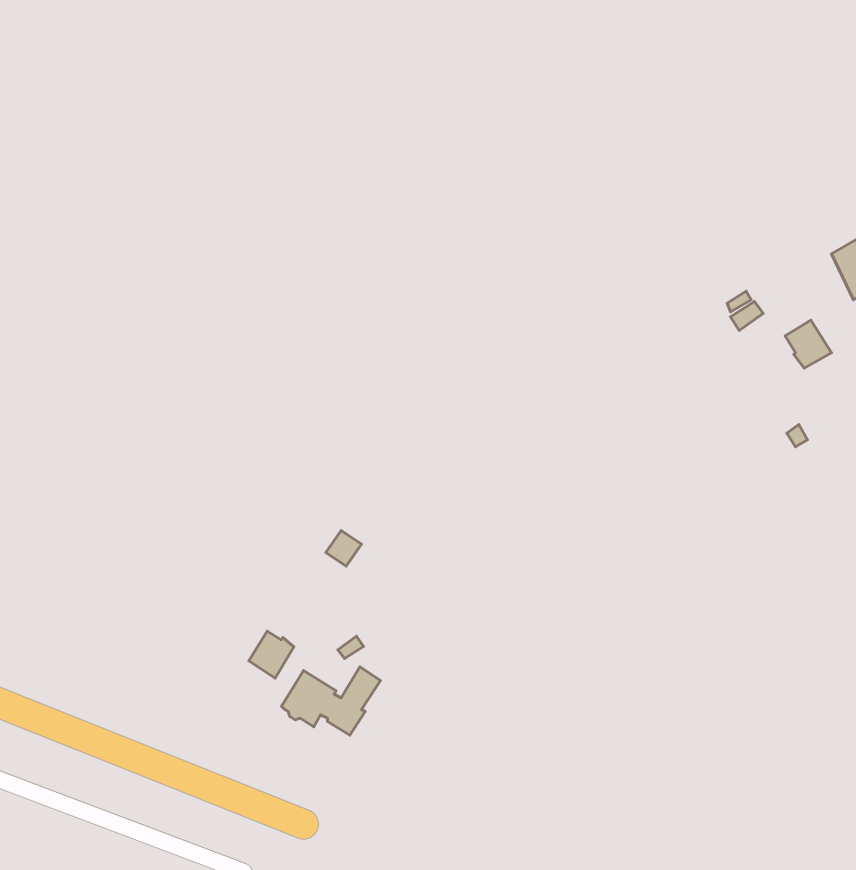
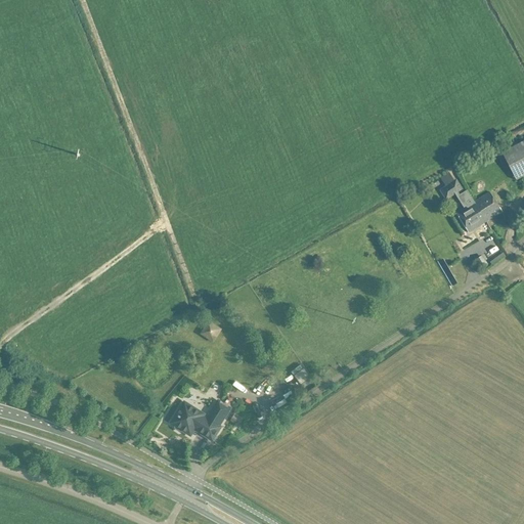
building: none -> [455,202,485,232]
building: [249,631,294,678] -> none

